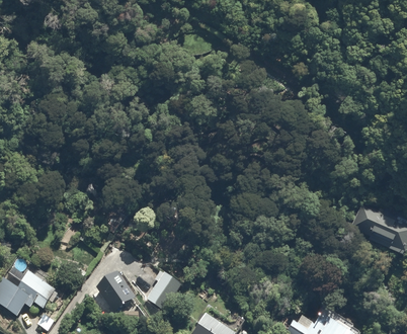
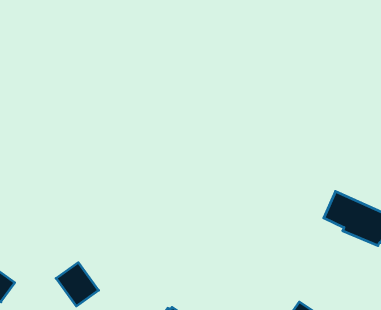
building: [145,272,177,308] -> none

